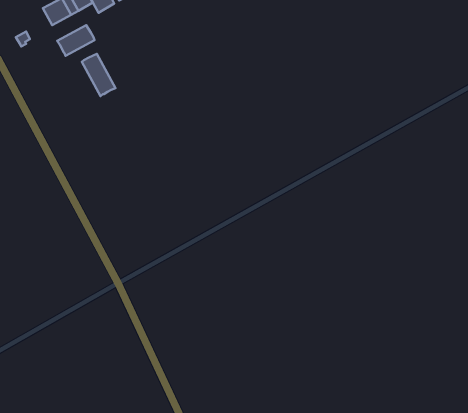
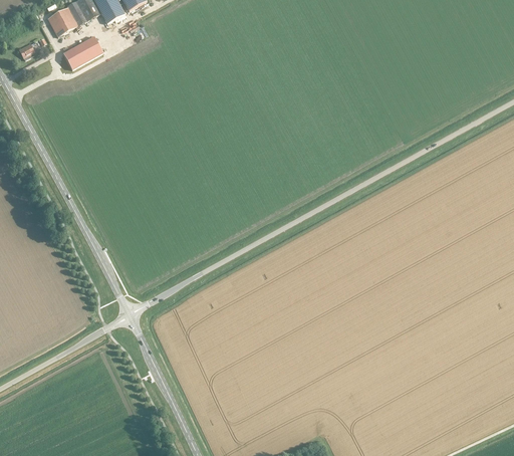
building: [82,54,115,96] -> none

